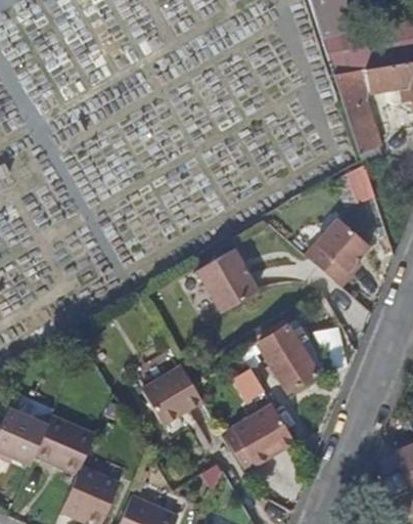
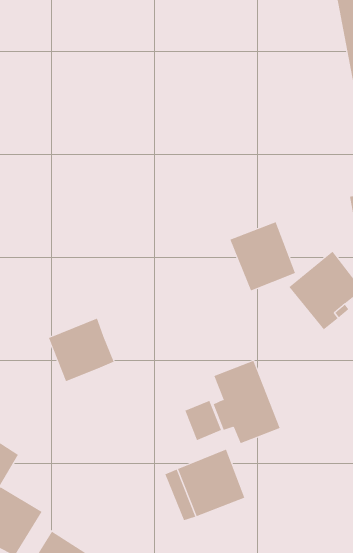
building: [198,251,260,314] -> [229,222,296,291]
building: [141,364,201,424] -> [48,318,115,382]

